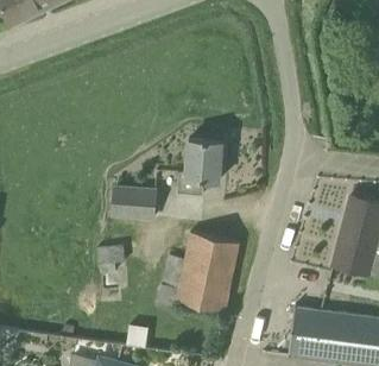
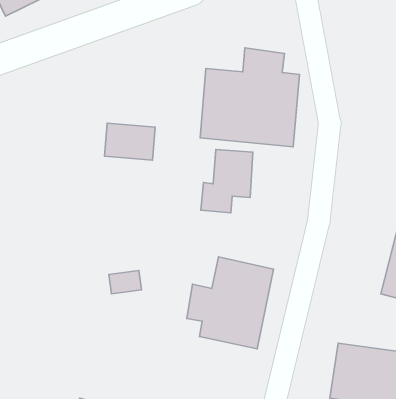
building: none -> [200,48,300,147]
building: [113,187,157,219] -> [104,123,155,160]

